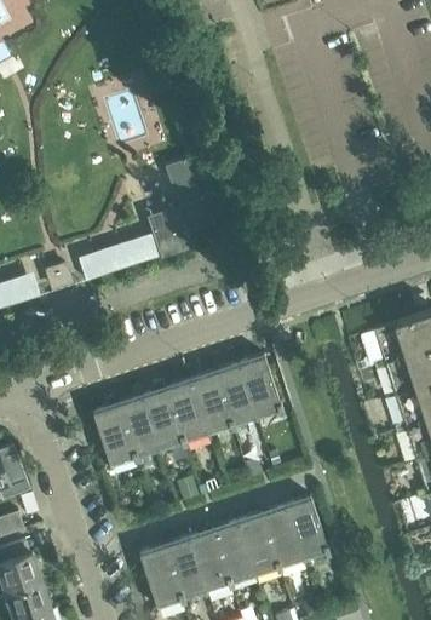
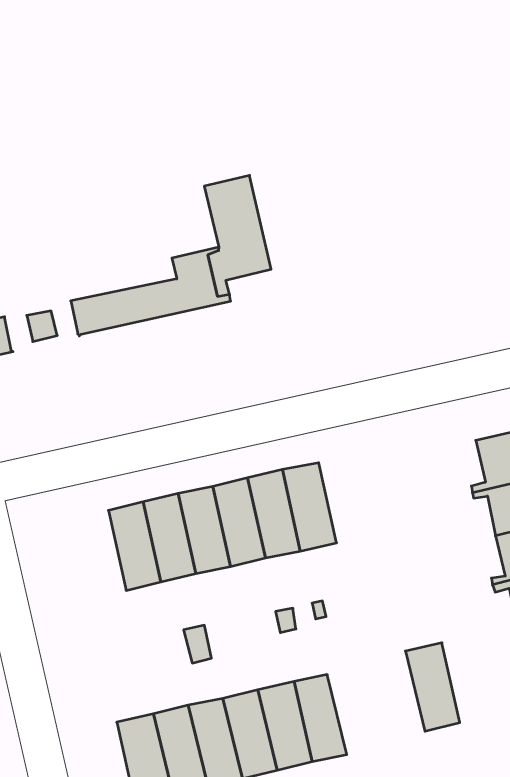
building: [93,403,137,467] -> none
building: [286,496,329,561] -> [405,643,460,731]

